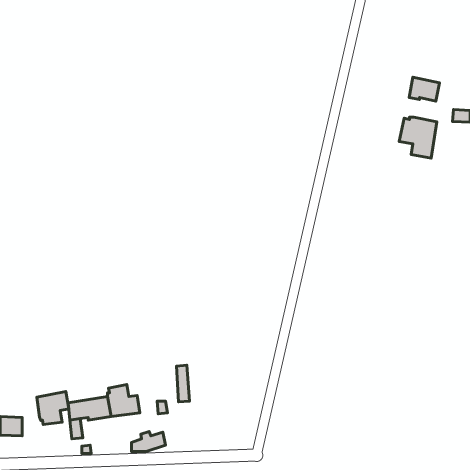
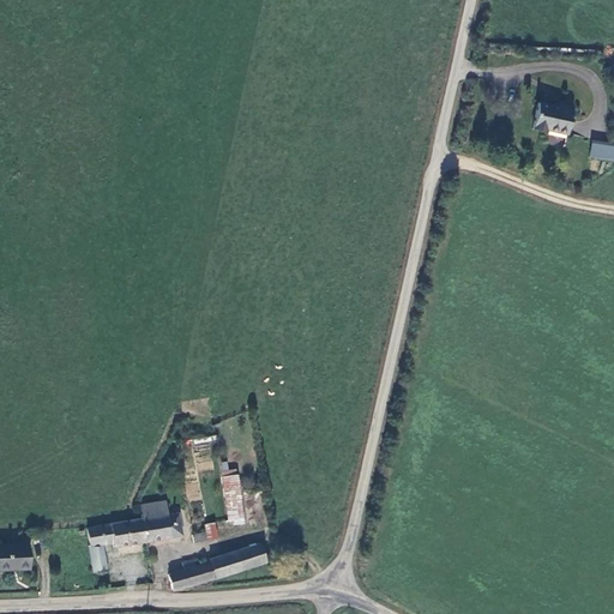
building: [399,117,437,158] -> none
building: [37,392,69,425] -> none
building: none -> [211,544,264,580]

